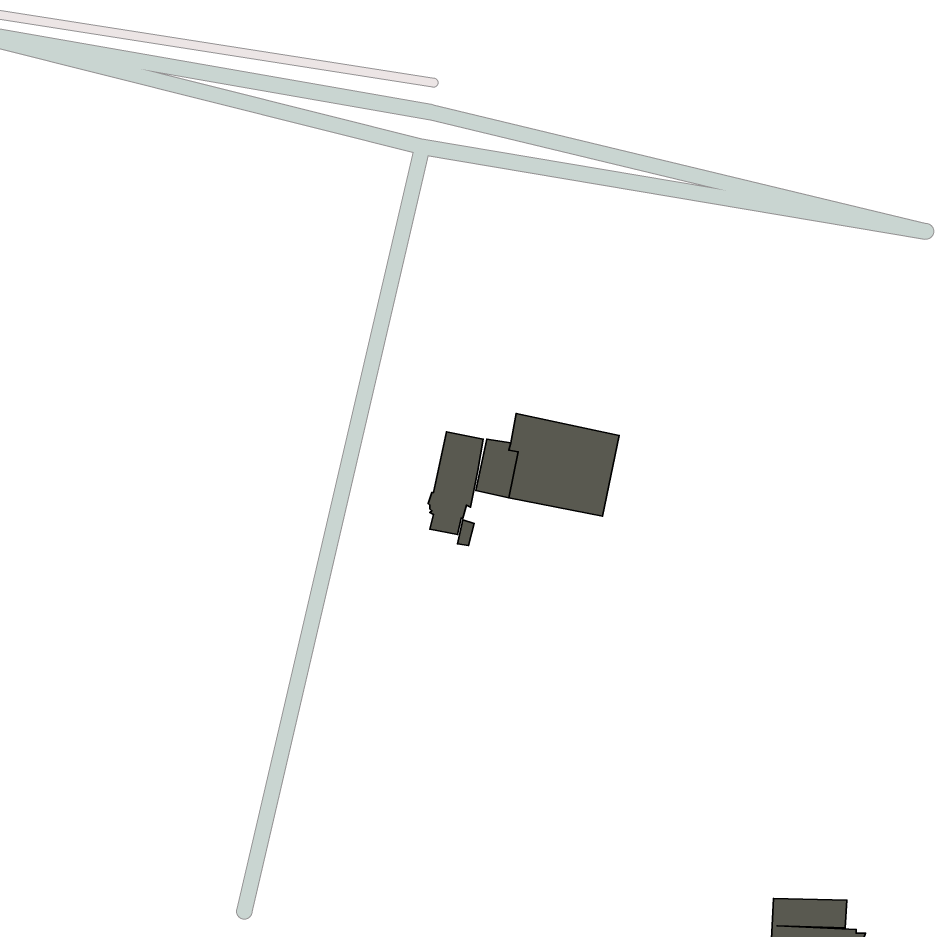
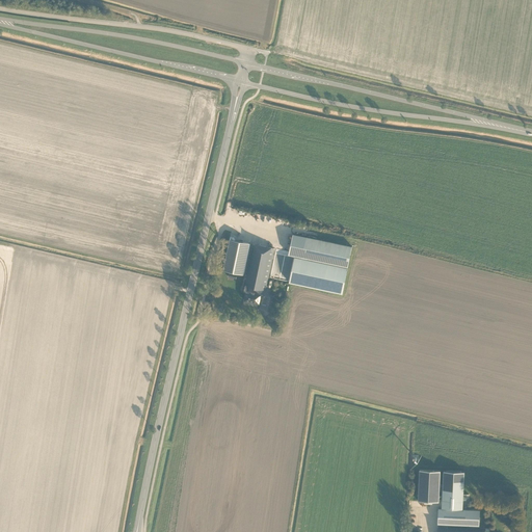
building: none -> [223,240,250,275]
building: none -> [417,470,463,509]

